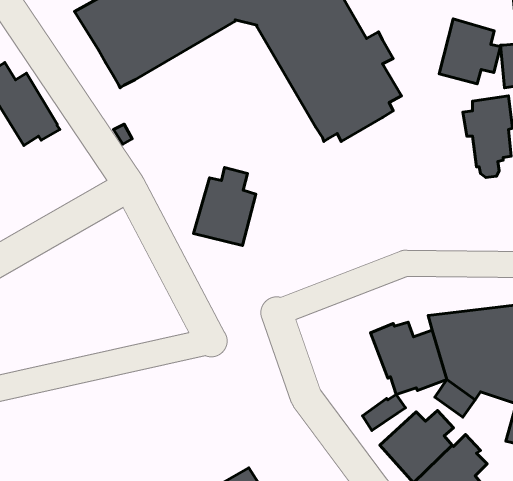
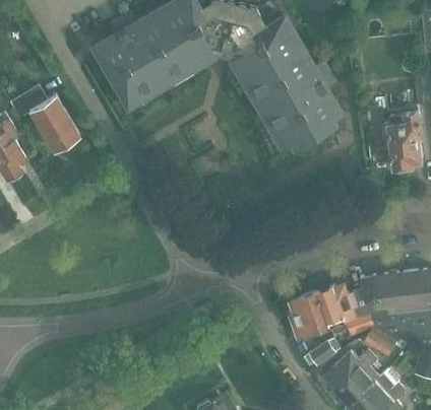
building: [439,19,501,84] -> none
building: [194,168,256,245] -> none
building: none -> [290,292,329,338]

